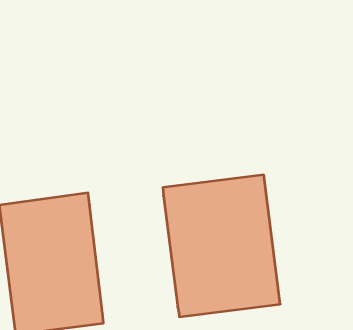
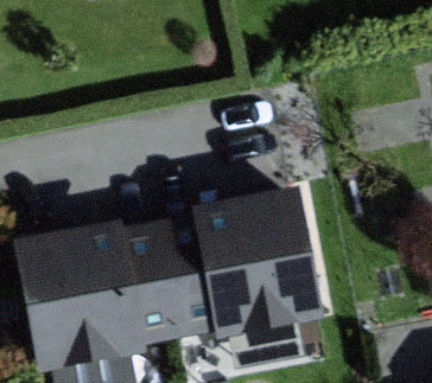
building: none -> [112,221,209,347]

